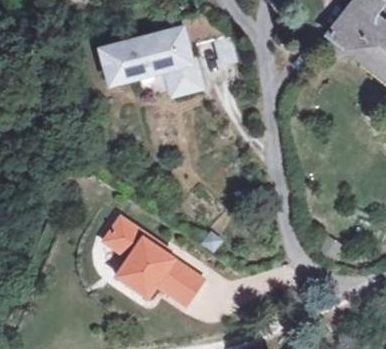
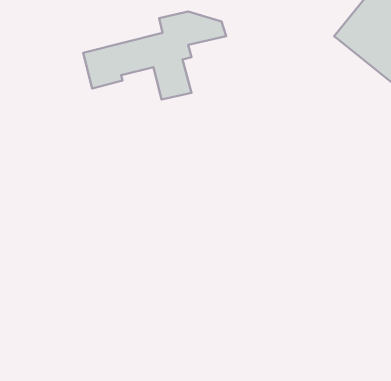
building: [106,221,203,305] -> none

